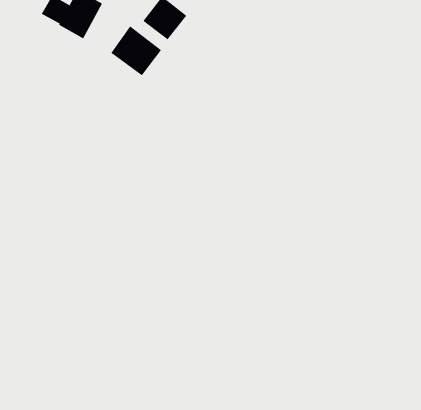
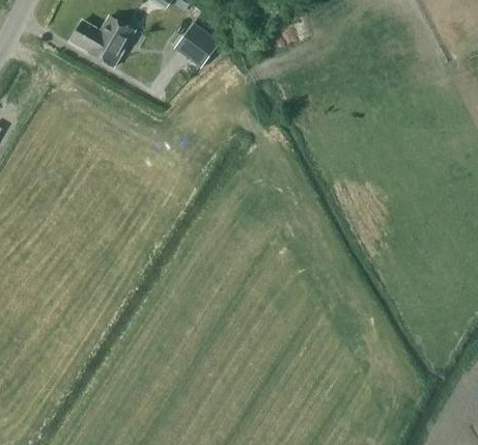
building: [111,26,162,76] -> none

